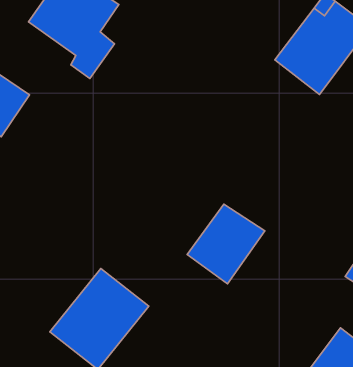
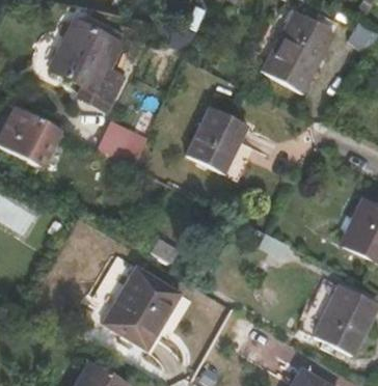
building: none -> [97,116,147,161]
building: [187,204,265,284] -> [185,108,247,174]

